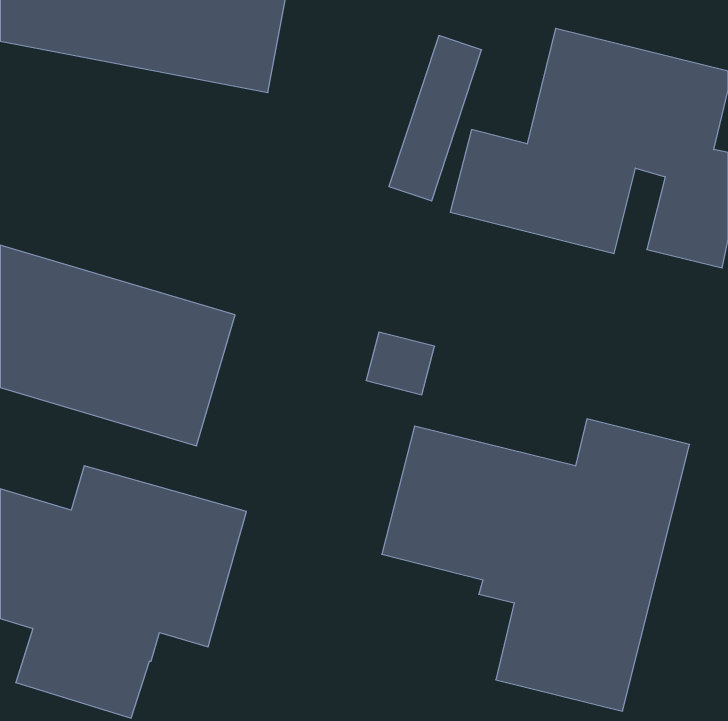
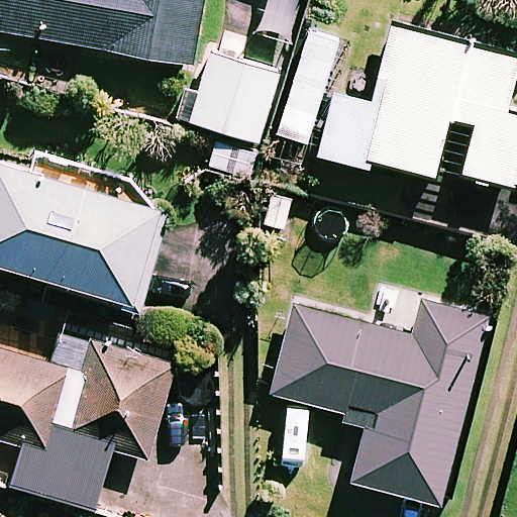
building: none -> [191,54,278,142]

